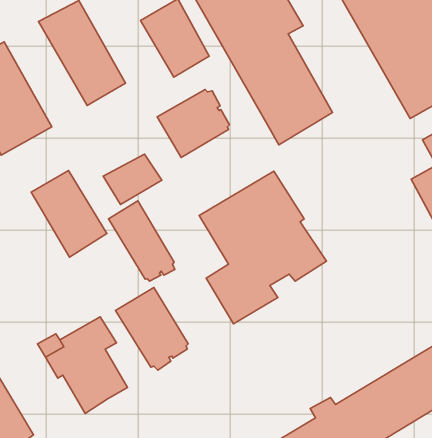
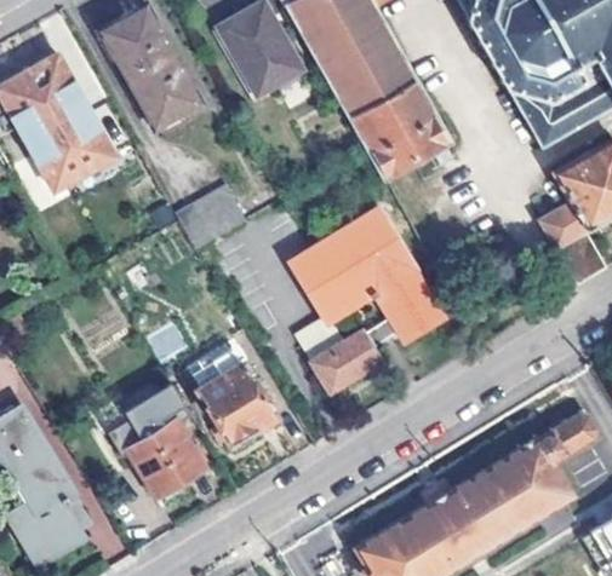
building: [157,89,229,158] -> none
building: [31,170,107,257] -> none
building: [108,201,175,281] -> none

